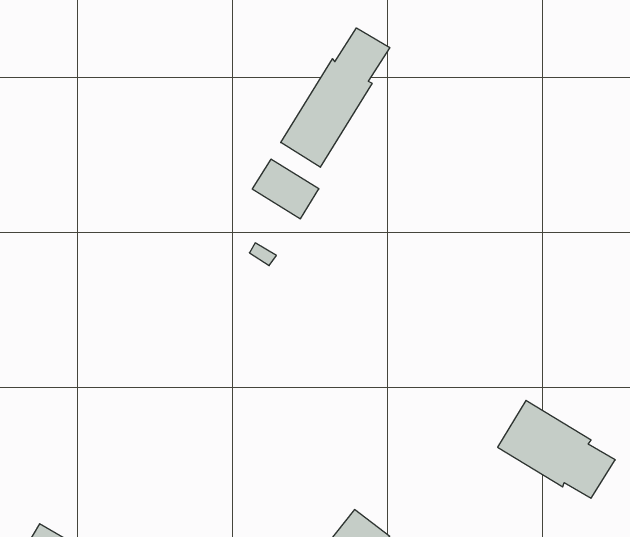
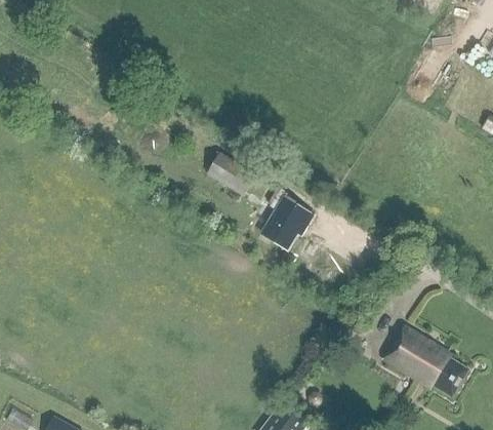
building: [281,28,390,167] -> none
building: none -> [263,188,315,251]

